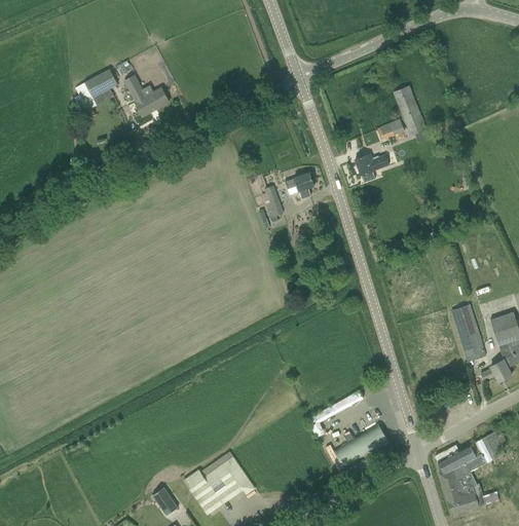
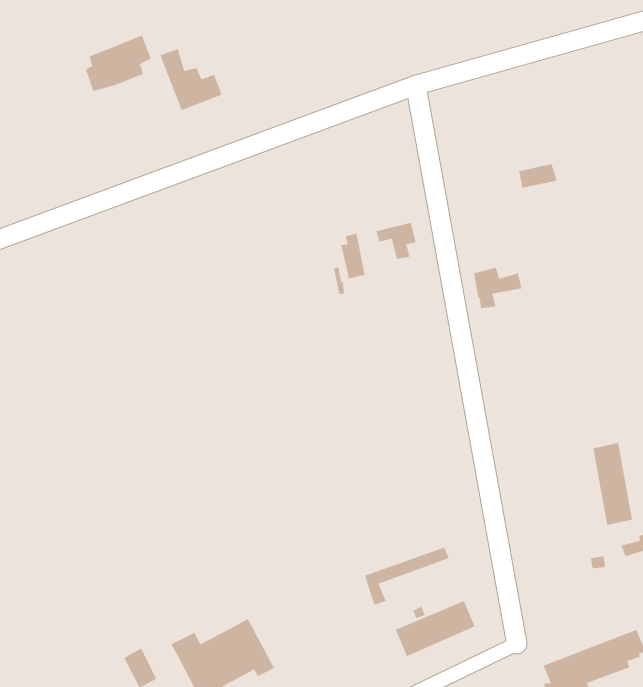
building: [394,85,425,134] -> none
building: [356,152,391,182] -> [473,267,523,309]

